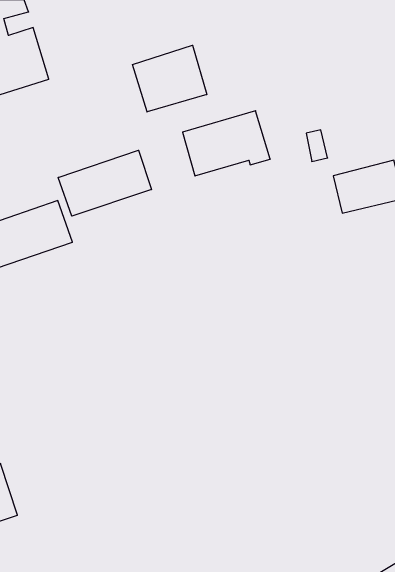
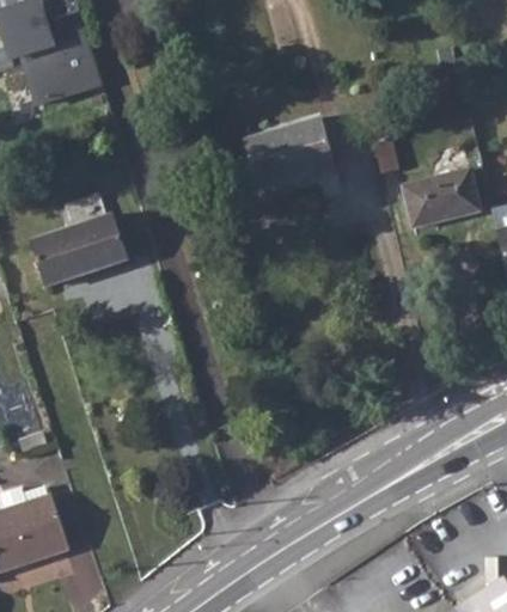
building: [133,45,207,112] -> none
building: [58,150,151,216] -> none

